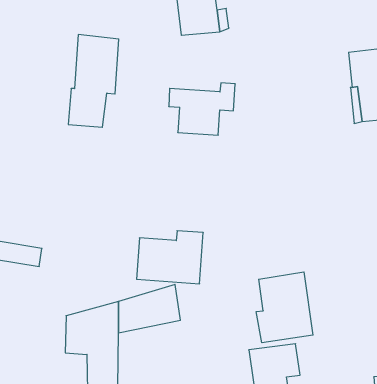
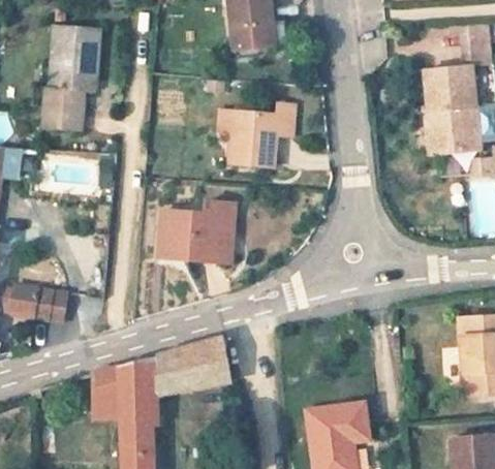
building: [68,35,119,127] -> [40,24,98,130]
building: [137,231,203,284] -> [157,201,234,262]
building: [256,272,313,343] -> none

